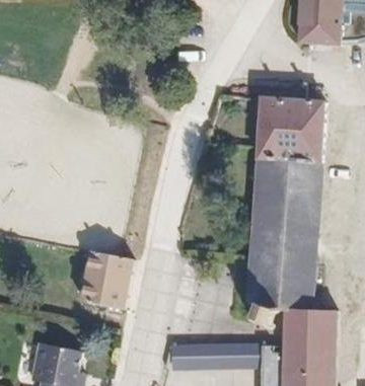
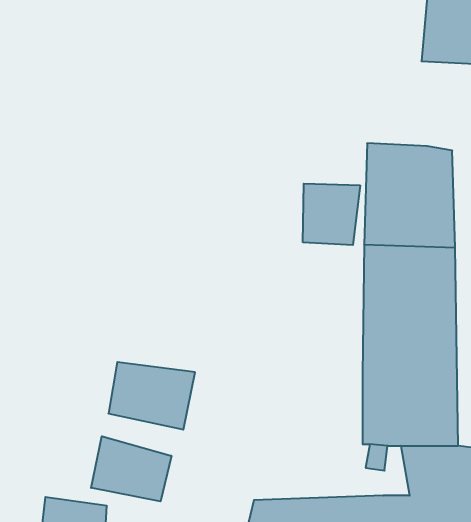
building: none -> [303,184,360,245]
building: none -> [91,436,171,501]

